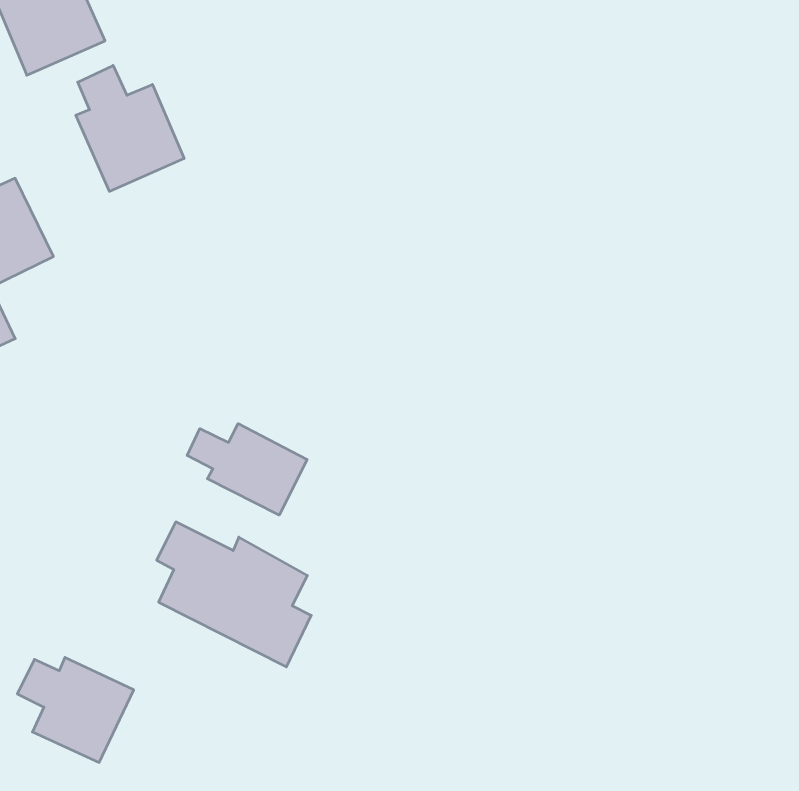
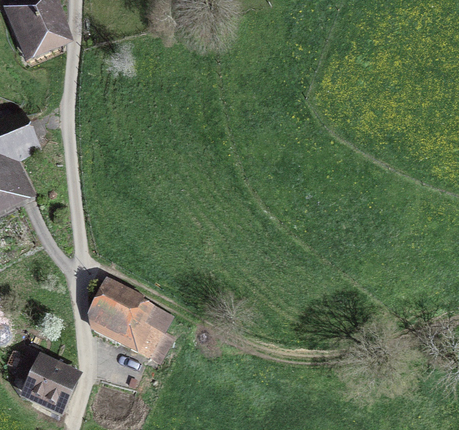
building: [76,65,184,191] -> none
building: [187,424,307,515] -> none

